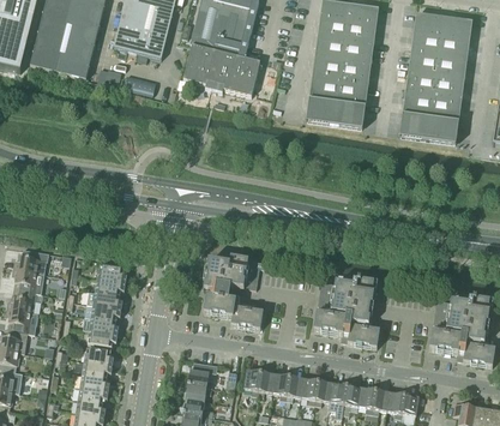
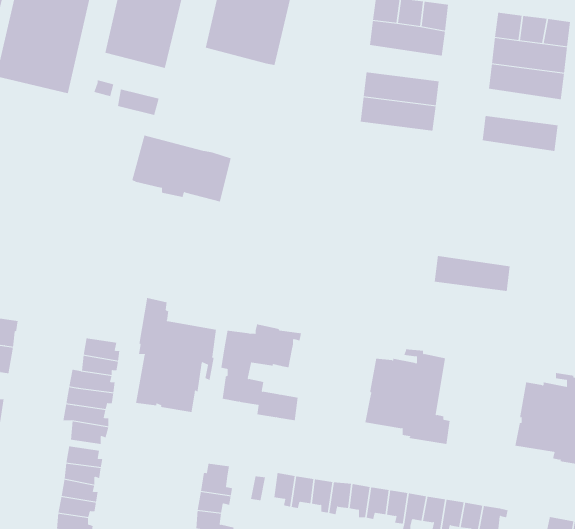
building: [314,41,373,68] -> none
building: [182,43,259,95] -> [131,135,232,202]
building: [405,74,464,102] -> none
building: [307,100,366,127] -> none
building: [400,114,459,142] -> [434,255,511,291]
building: none -> [136,297,217,413]

